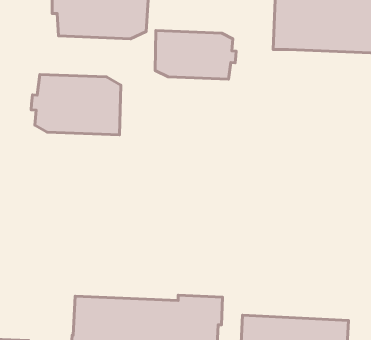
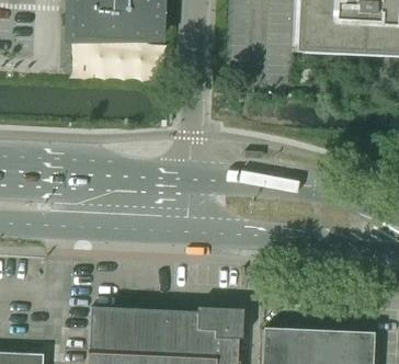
building: [155,30,236,79] -> none
building: [31,74,121,135] -> none

